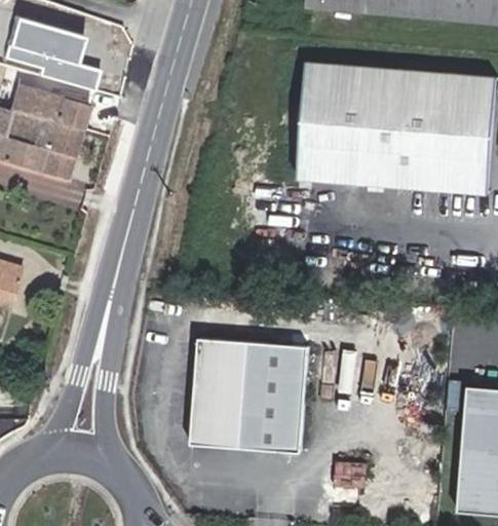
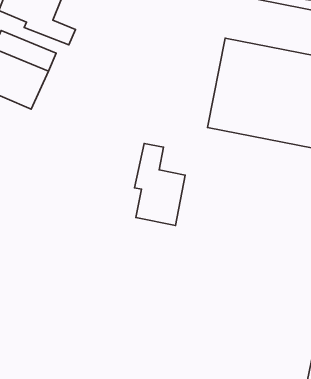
building: none -> [135,144,185,225]
building: [189,338,307,454] -> none

